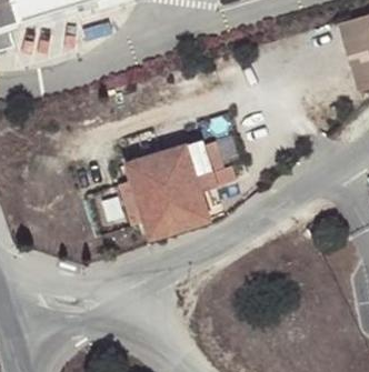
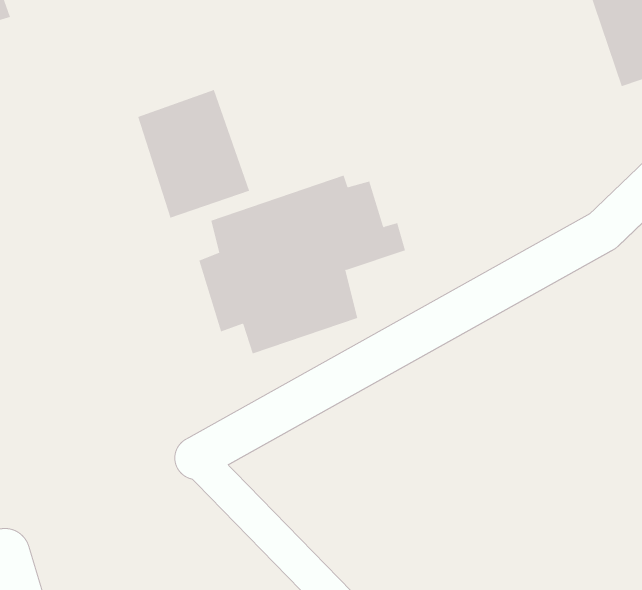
building: none -> [138,89,250,218]

